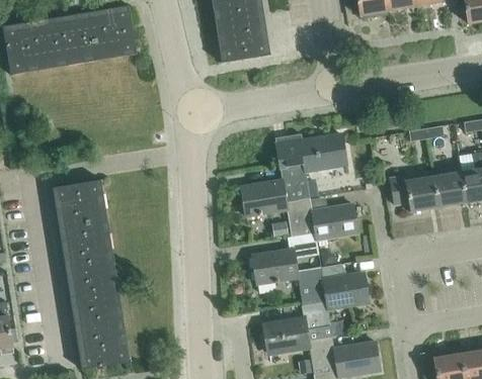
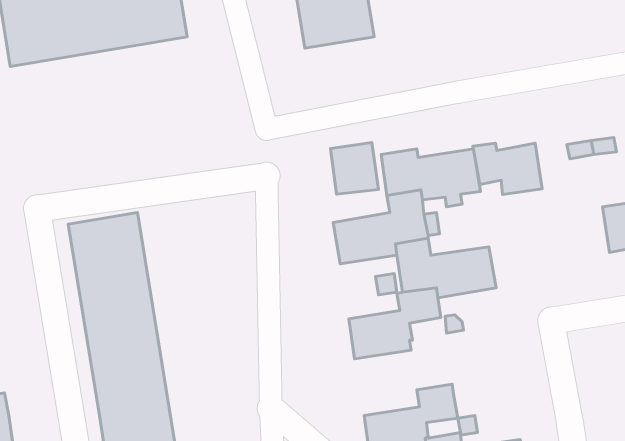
building: none -> [330,142,378,194]
building: [389,175,438,211] -> [473,143,542,194]
building: [296,267,369,308] -> none

